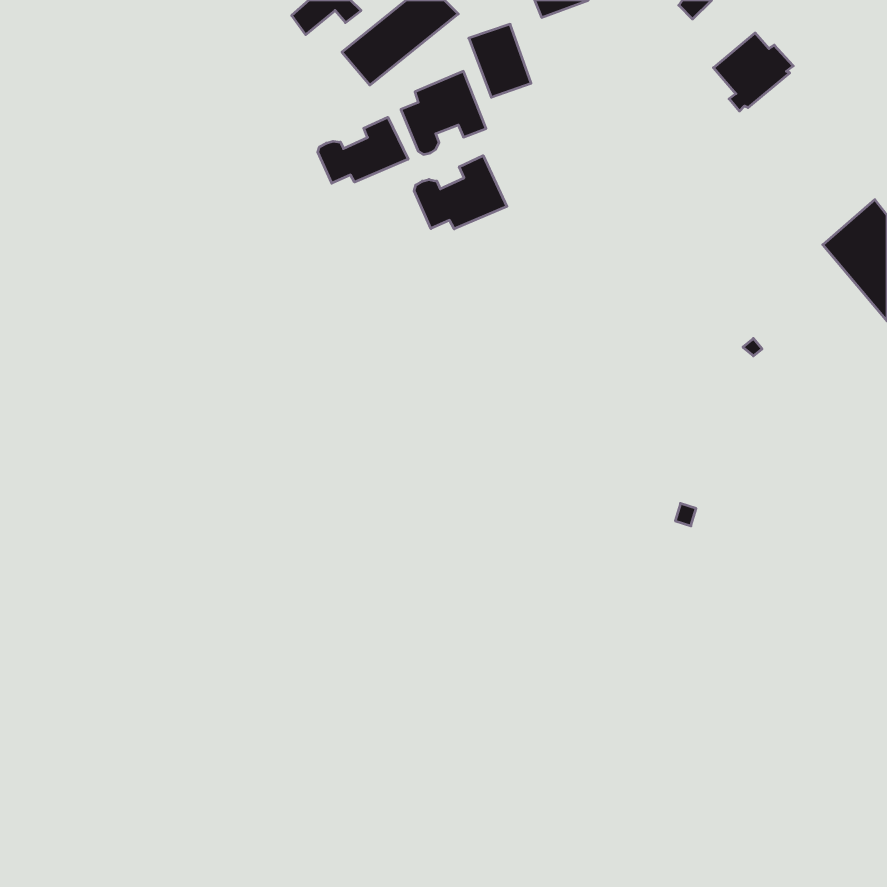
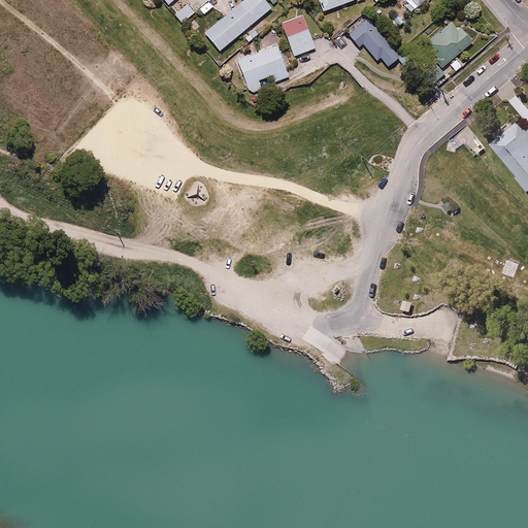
building: none -> [349,15,399,67]
building: [318,117,408,183] -> none
building: [414,156,507,229] -> none

